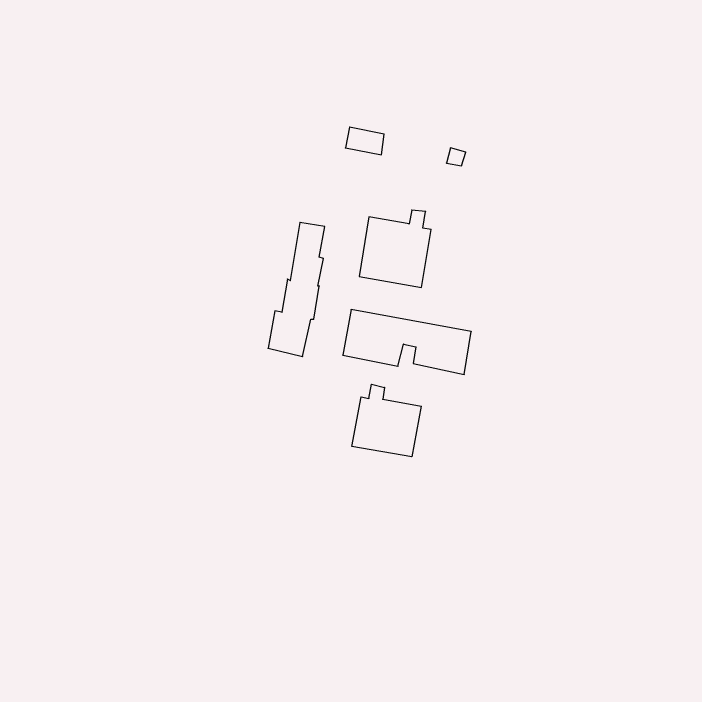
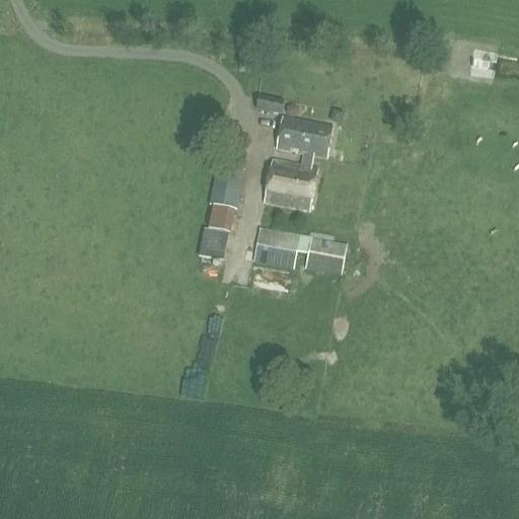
building: none -> [276,117,332,158]
building: [352,384,421,457] -> none

